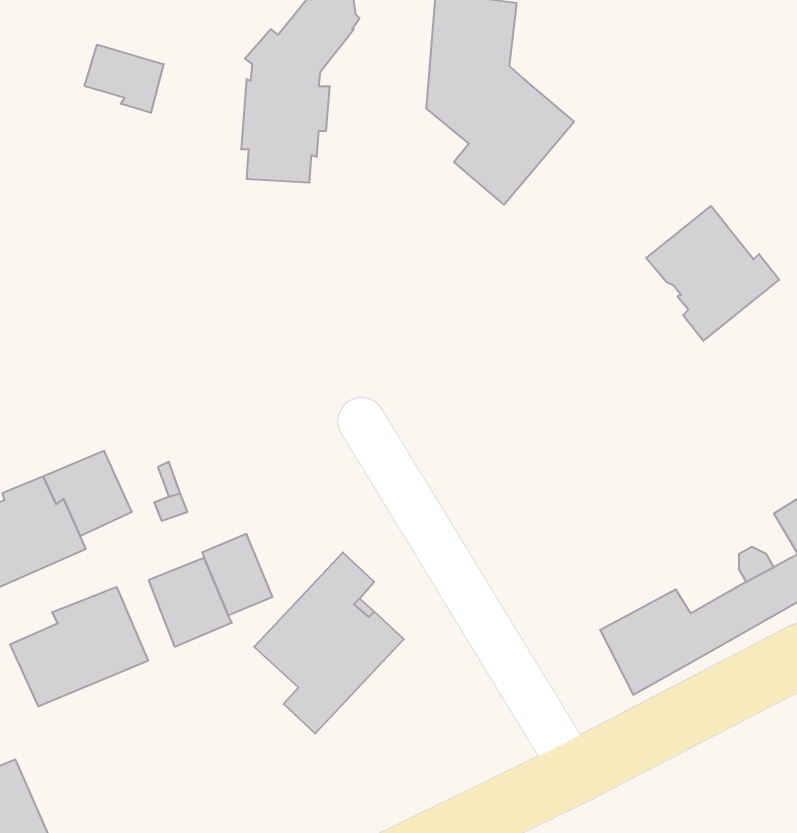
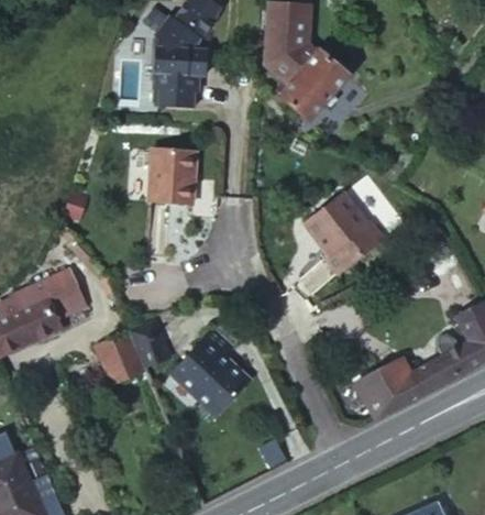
building: [84,45,164,113] -> none
building: [646,206,779,341] -> [306,189,385,270]
building: none -> [145,150,194,206]
building: [10,587,148,707] -> none

